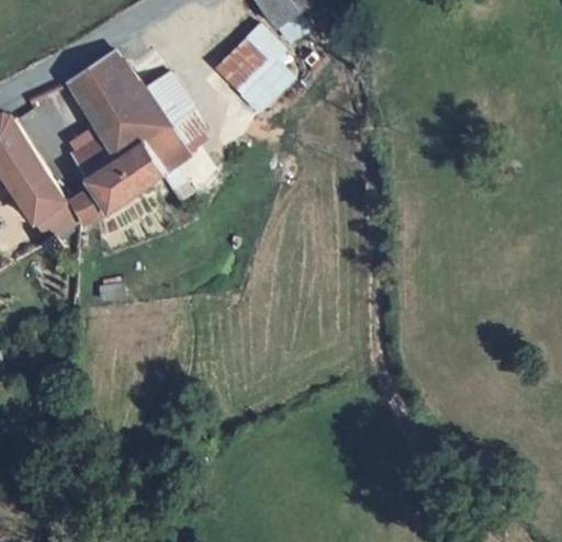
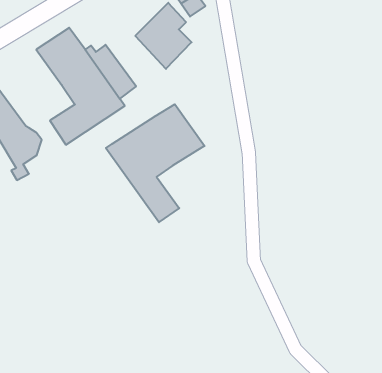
building: [71,131,124,179] -> none
building: none -> [106,104,205,222]

